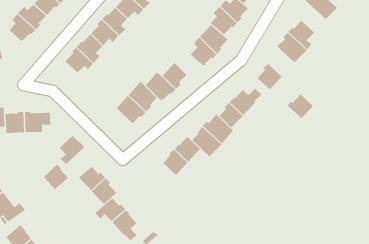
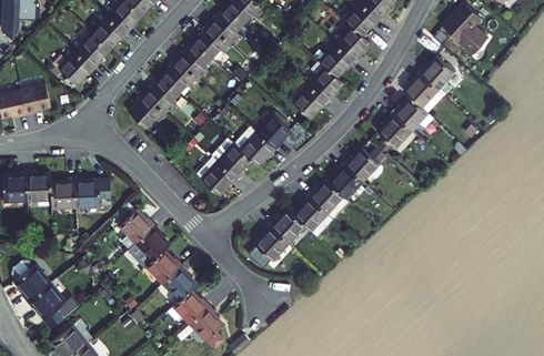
building: [287,94,314,119] -> [394,99,430,132]
building: [43,163,69,190] -> [137,224,170,258]

